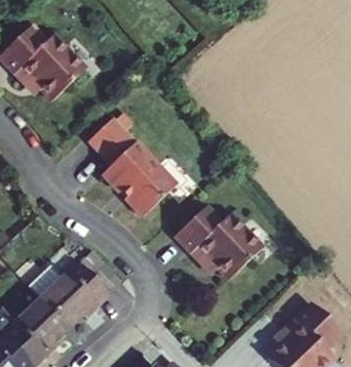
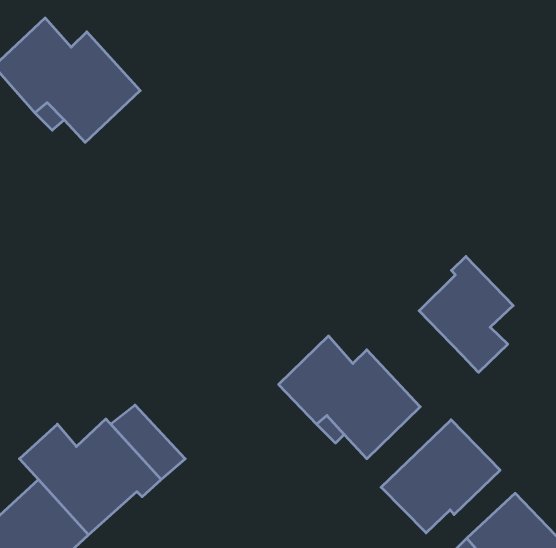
building: [91,120,177,217] -> none
building: none -> [419,256,513,372]
building: none -> [381,420,500,533]

